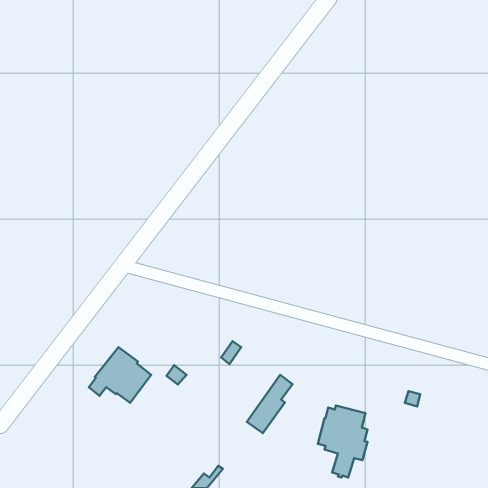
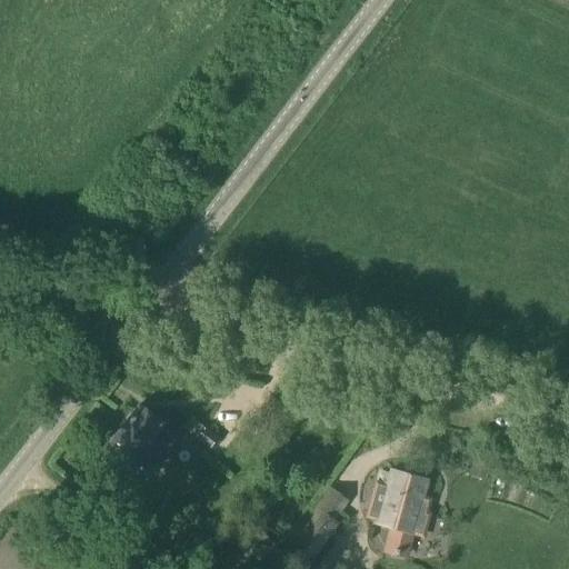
building: [247,375,293,433] -> [291,490,345,558]

